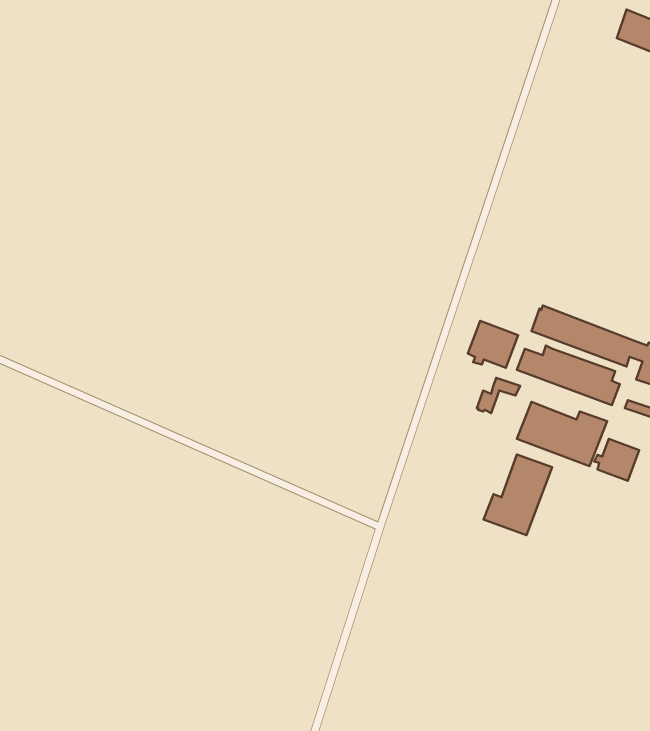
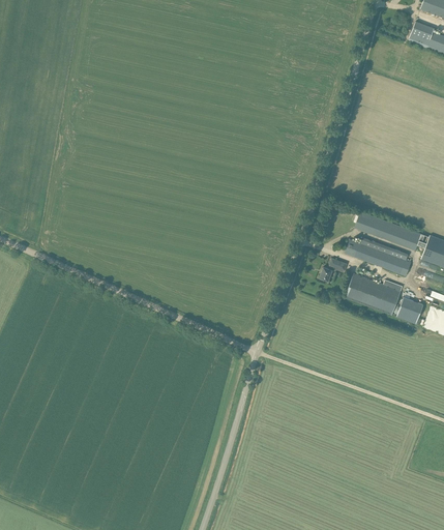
building: [468,321,518,368] -> none
building: [483,454,552,535] -> none

